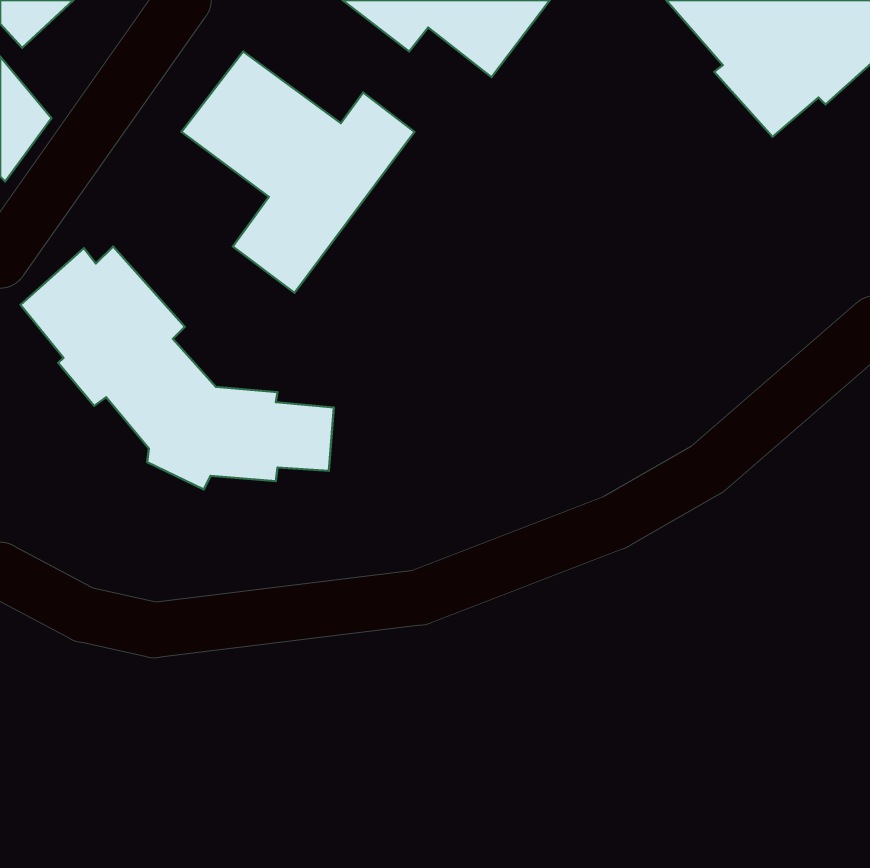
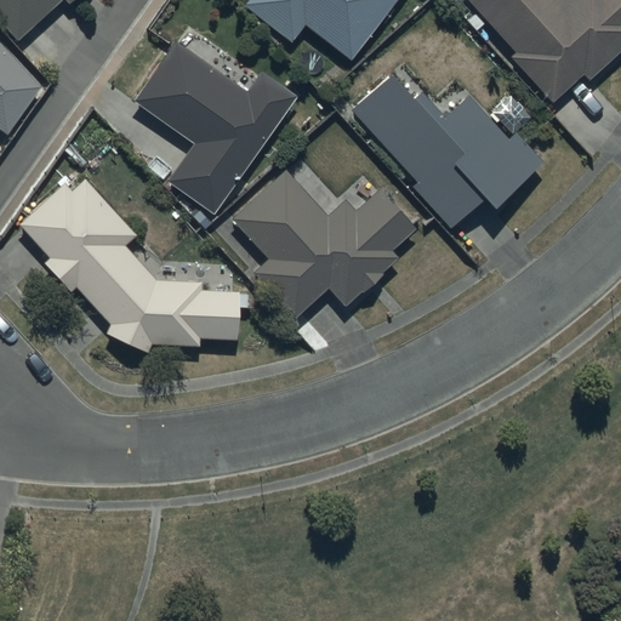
building: none -> [348,70,542,227]
building: none -> [233,170,417,315]

